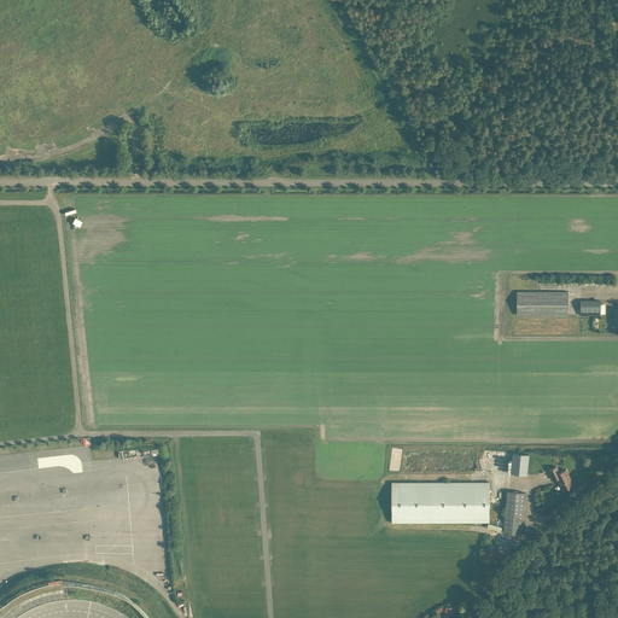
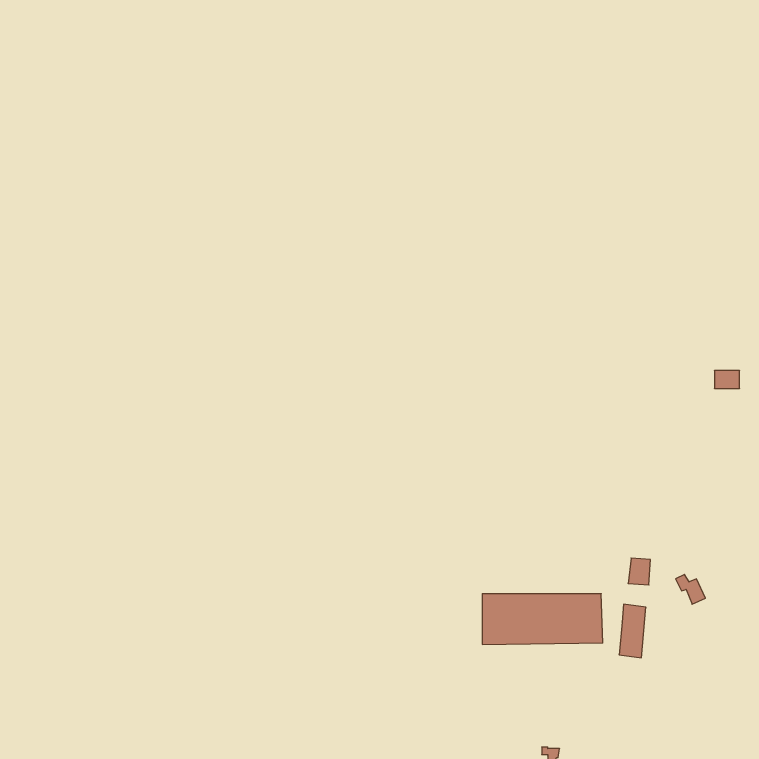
building: [515,292,567,316] -> none

